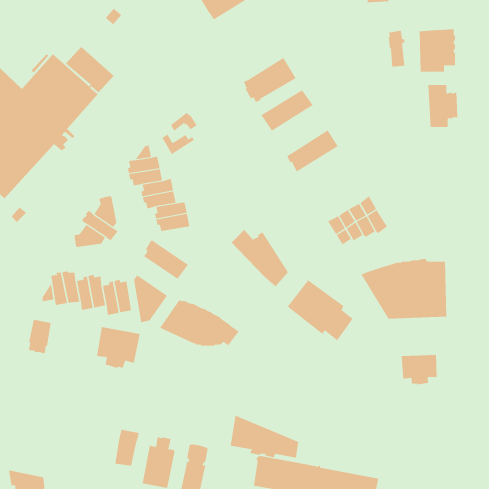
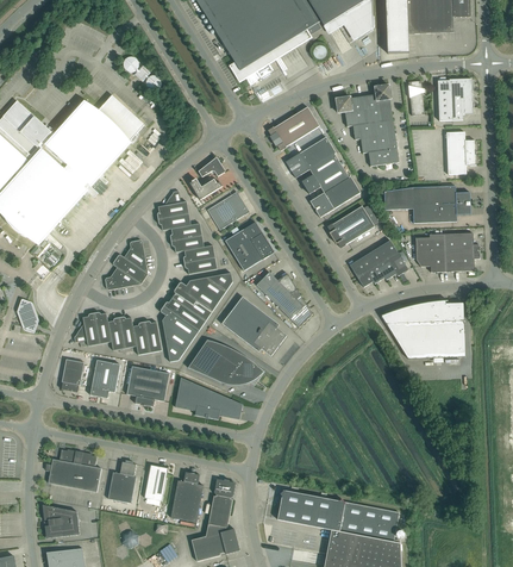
building: none -> [336,85,399,166]
building: none -> [301,154,349,194]
building: none -> [383,186,470,223]
building: none -> [206,192,249,230]
building: none -> [327,205,377,248]
building: none -> [225,222,274,270]
building: none -> [414,232,478,272]
building: none -> [186,273,232,306]
building: none -> [159,298,205,336]
building: [287,279,354,341] -> [221,297,286,356]
building: none -> [89,360,119,398]
building: [401,354,437,385] -> none
building: none -> [48,449,101,492]
building: [230,415,299,458] -> [175,378,242,419]
building: none -> [107,461,136,503]

